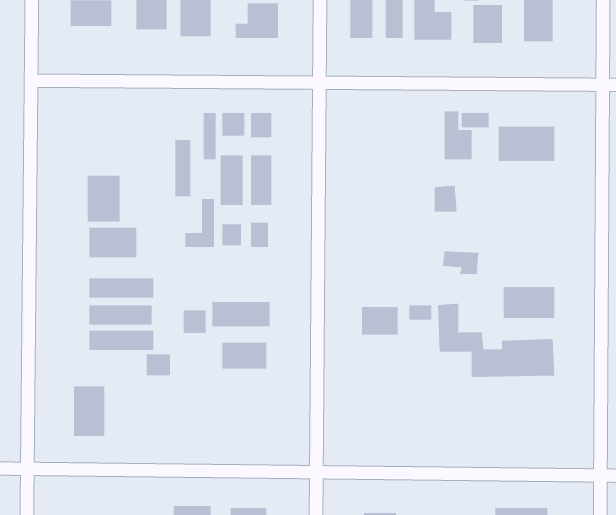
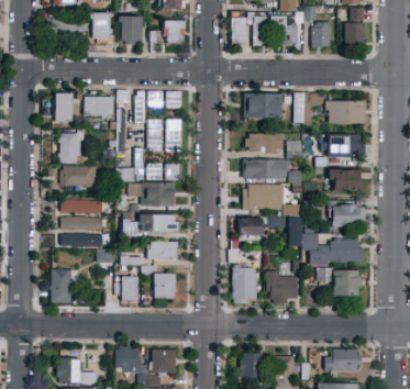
building: none -> [54,93,73,121]
building: none -> [244,93,282,118]
building: none -> [82,96,112,115]
building: none -> [245,132,284,152]
building: none -> [326,135,362,156]
building: none -> [243,159,288,178]
building: none -> [332,170,359,189]
building: none -> [133,182,175,204]
building: none -> [243,185,285,208]
building: none -> [233,266,257,303]
building: none -> [333,270,361,296]
building: none -> [155,273,177,298]
building: none -> [115,276,138,299]
building: none -> [267,276,298,300]

